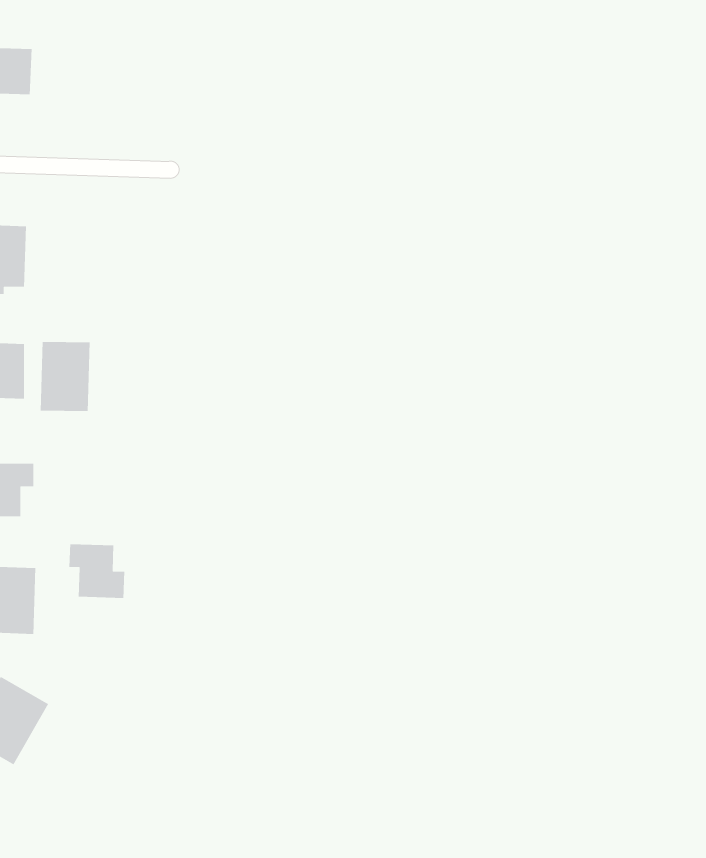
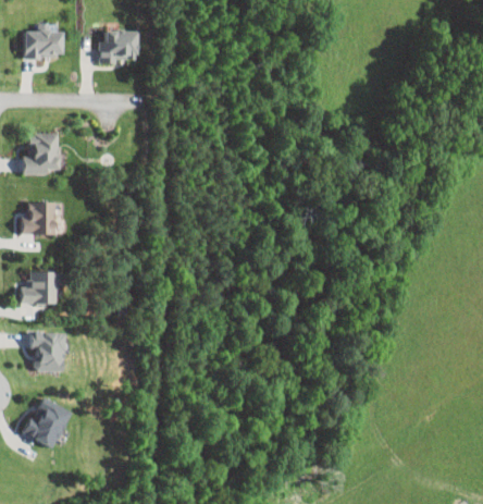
building: none -> [99,29,138,63]
building: [40,341,91,412] -> none
building: [69,543,125,599] -> none

